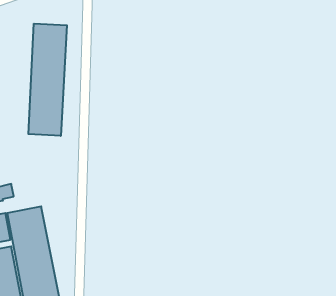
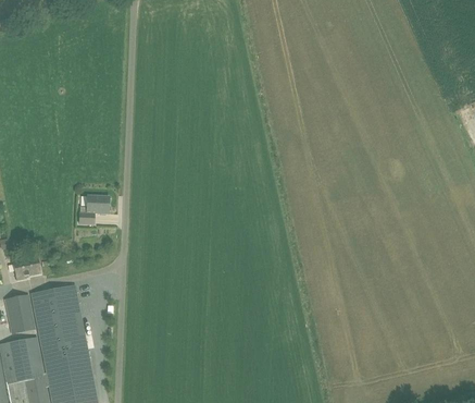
building: [28,24,67,136] -> none
building: none -> [79,194,109,223]

